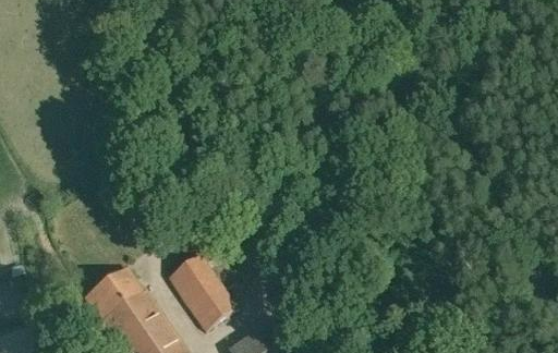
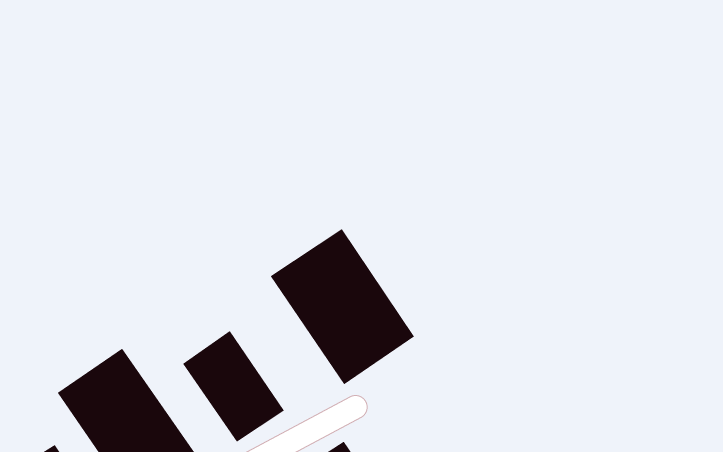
building: none -> [270,228,415,385]

